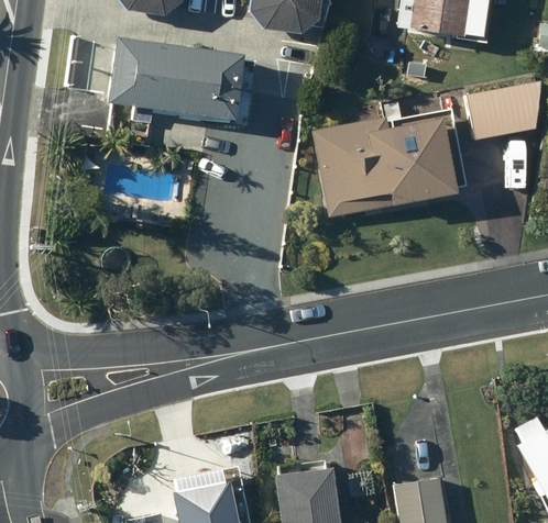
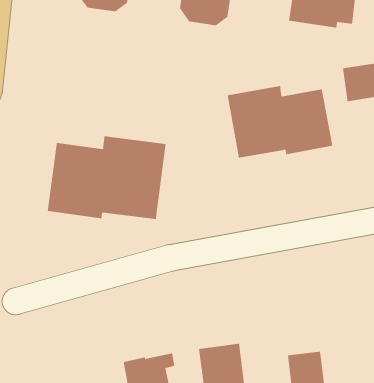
building: [107,40,245,123] -> none
building: none -> [47,135,166,220]

